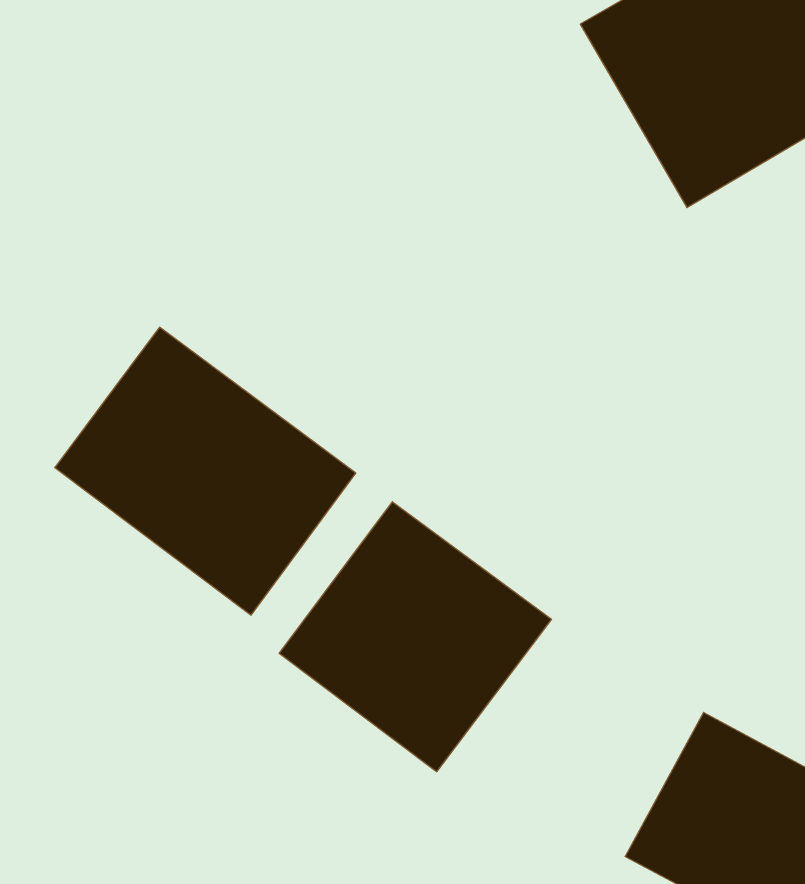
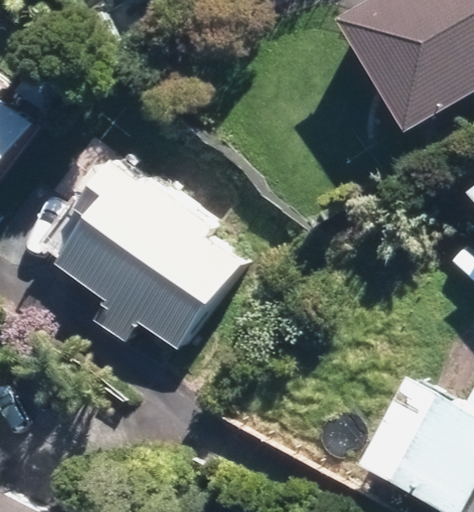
building: [279,502,551,772] -> none

